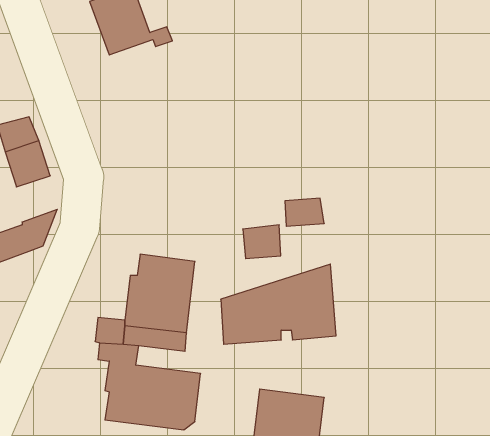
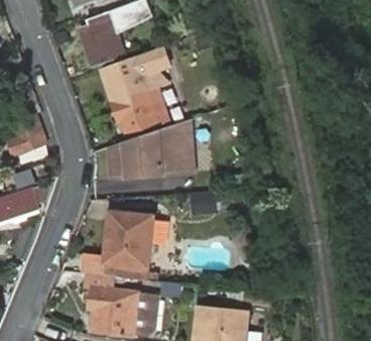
building: none -> [104,69,166,134]
building: [221,264,336,344] -> [108,119,191,177]

